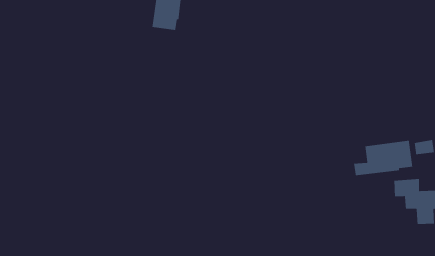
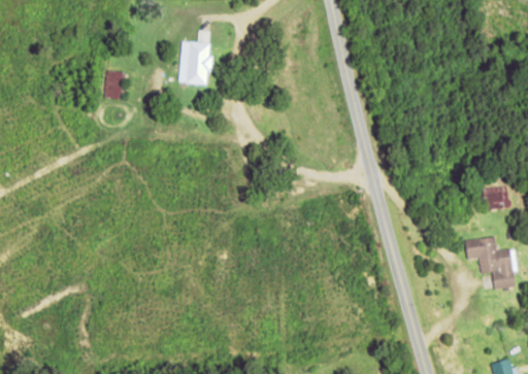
building: none -> [104,70,121,99]
building: [353,140,413,176] -> none

